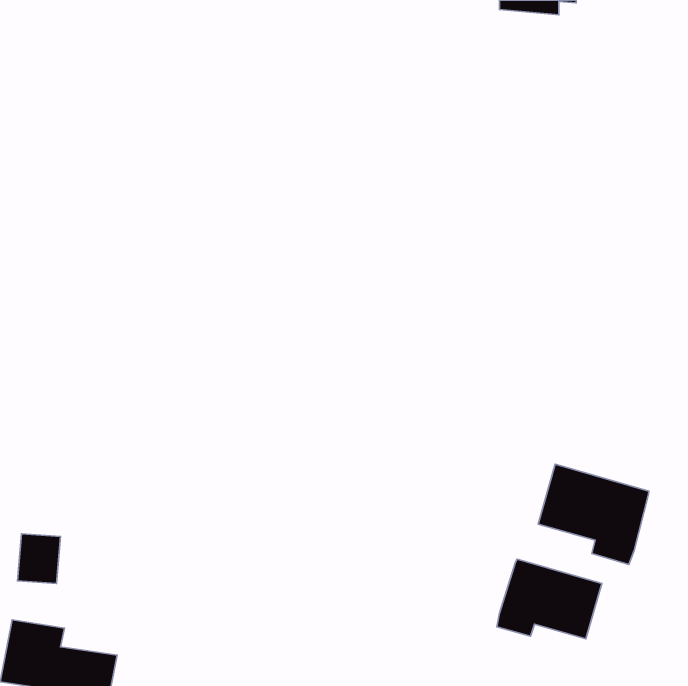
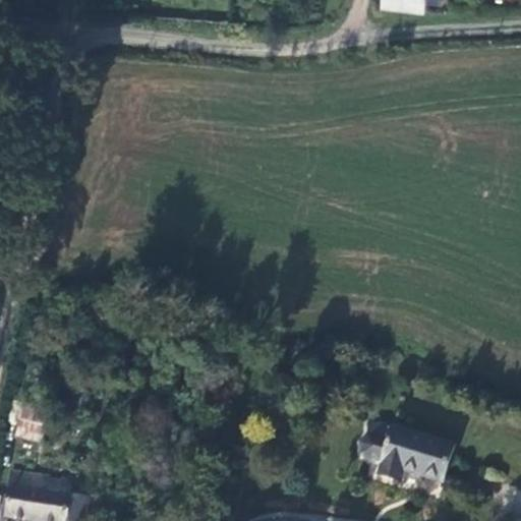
building: [538,464,649,564] -> none
building: none -> [358,422,390,465]

